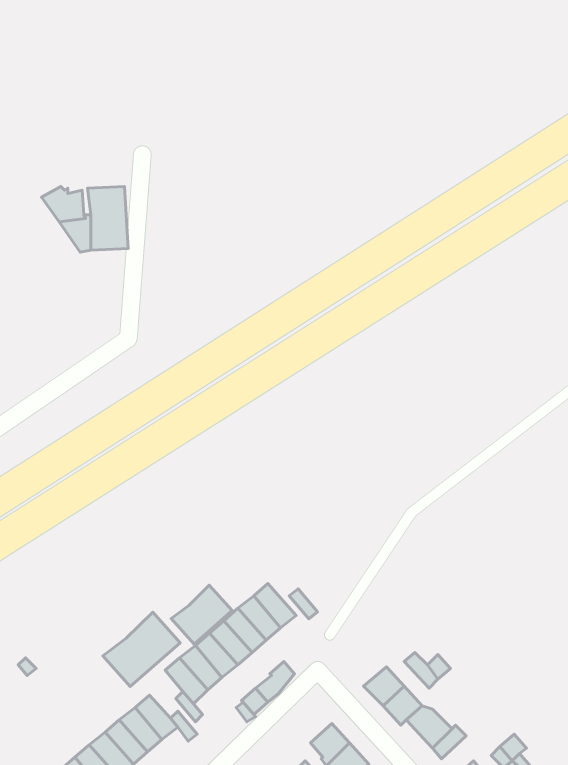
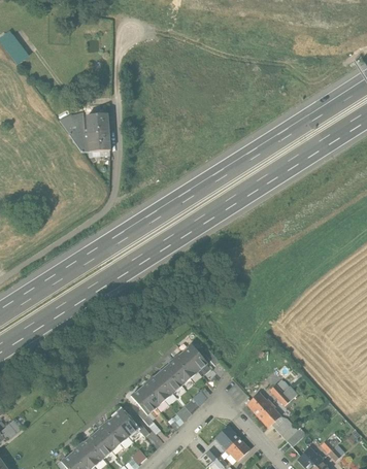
building: [171,585,232,644] -> none
building: [103,612,180,686] -> none

